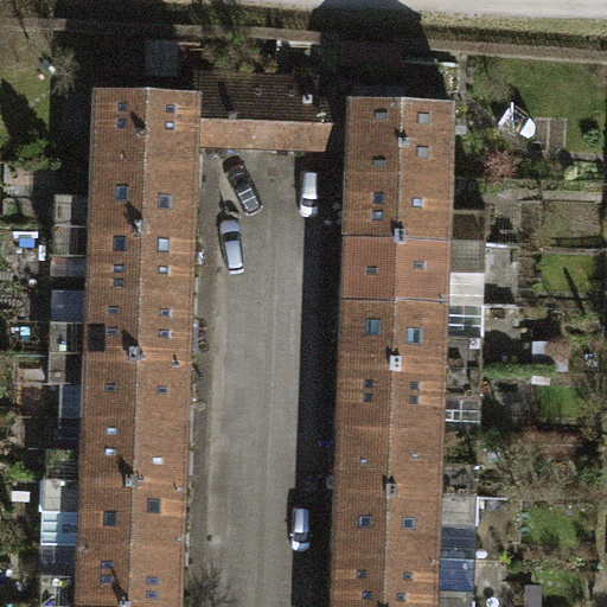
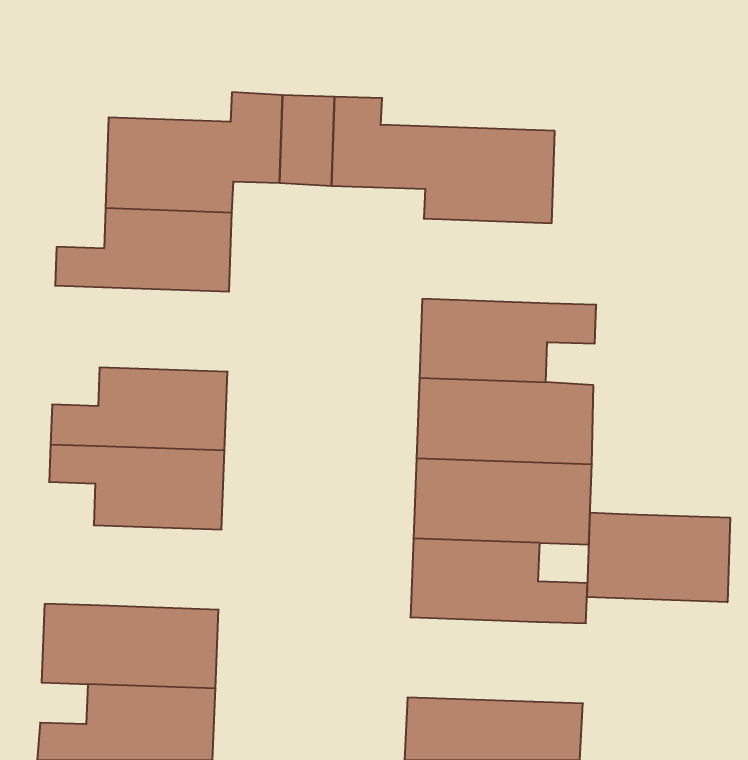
building: [346,174,486,243] -> none
building: [52,228,192,296] -> none
building: none -> [587,513,730,602]
building: [45,418,186,486] -> none
building: [334,492,477,561] -> none

